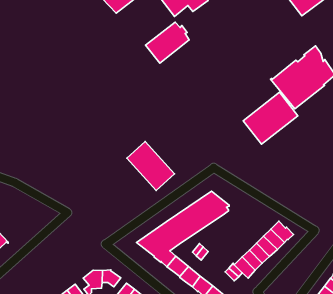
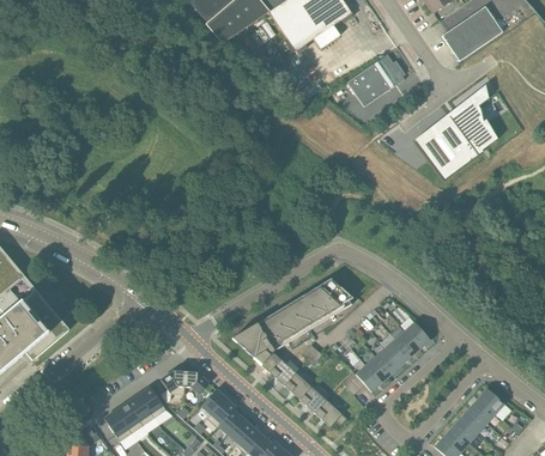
building: [146,22,189,63] -> [347,56,404,108]
building: [243,92,298,144] -> none
building: [127,141,174,190] -> none

